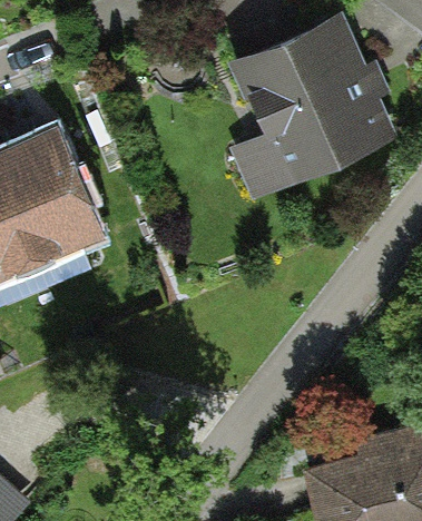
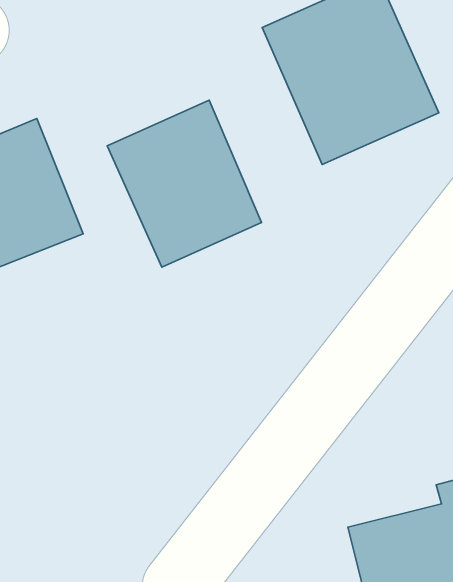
building: none -> [107,100,262,267]

